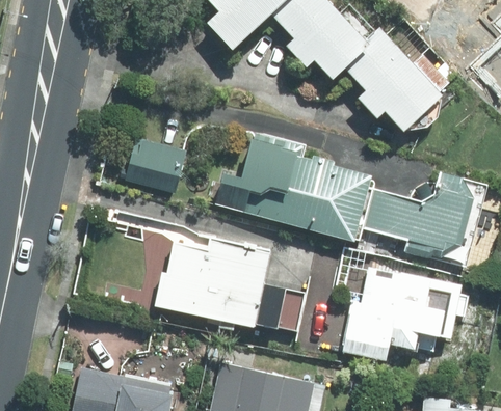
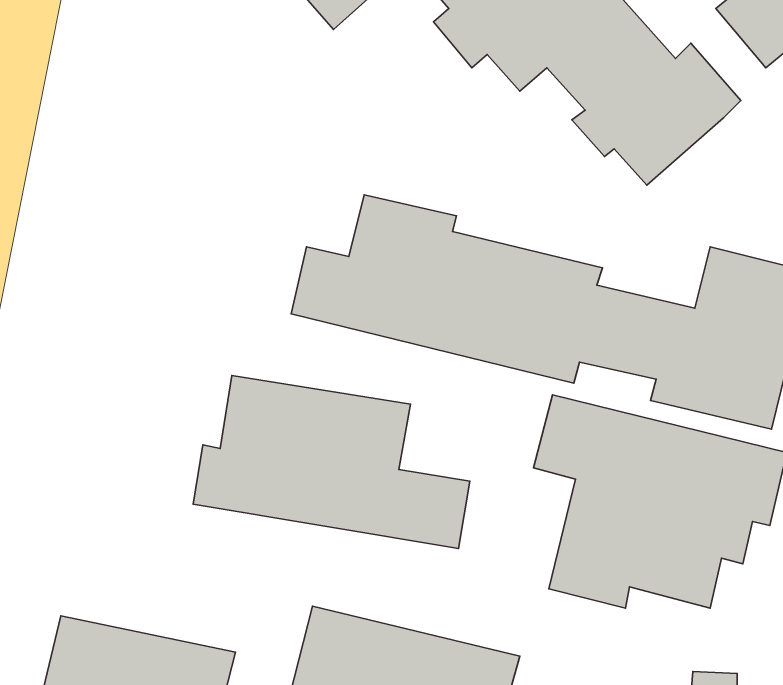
building: [117,137,187,195] -> none

